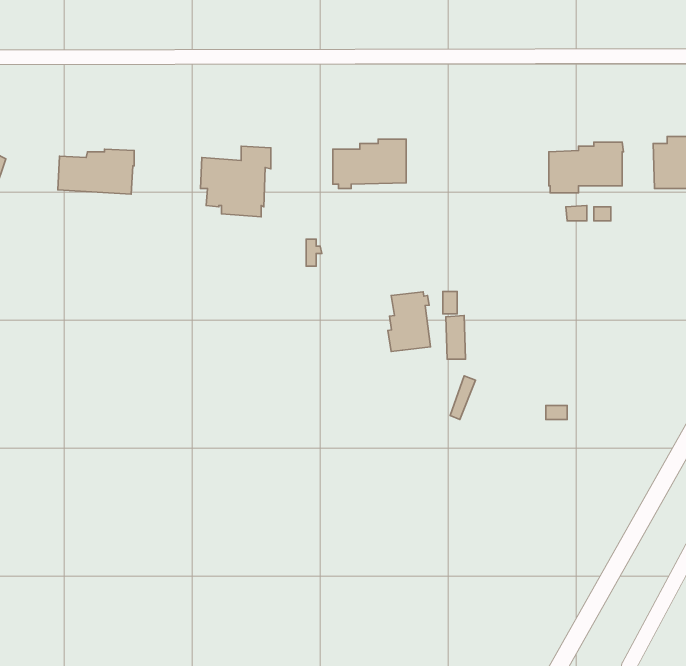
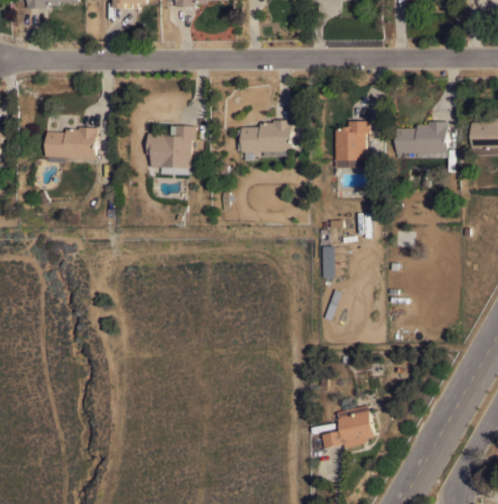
building: none -> [334,121,369,168]
building: [388,292,430,351] -> none
building: none -> [321,405,374,449]

